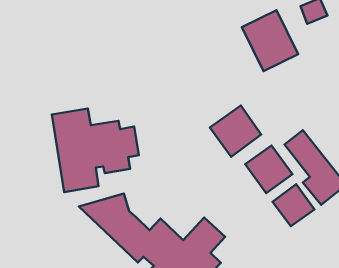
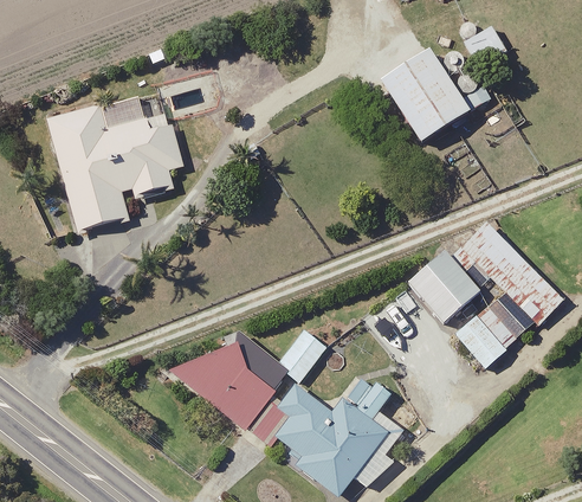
building: [210,105,261,157] -> none
building: [52,109,139,192] -> [48,103,183,230]
building: none -> [277,326,328,380]

